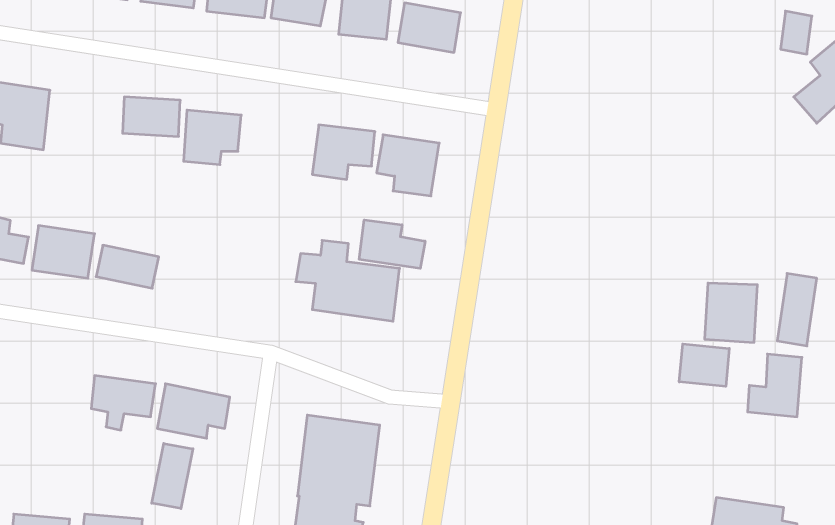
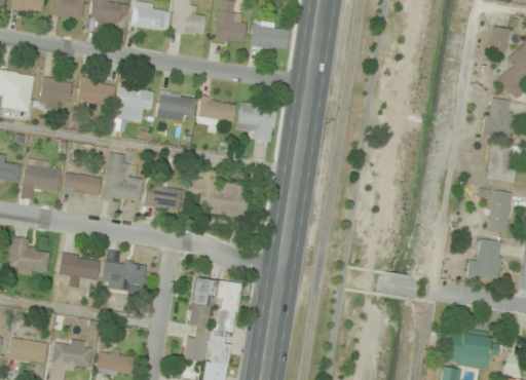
building: none -> [37,76,72,109]
building: none -> [158,91,196,115]
building: none -> [483,98,514,138]
building: none -> [103,153,142,203]
building: [359,220,425,268] -> none
building: none -> [143,184,182,211]
building: [705,283,757,342] -> [486,144,519,181]
building: [679,344,729,386] -> none
building: none -> [8,237,50,276]
building: [152,443,193,509] -> none

